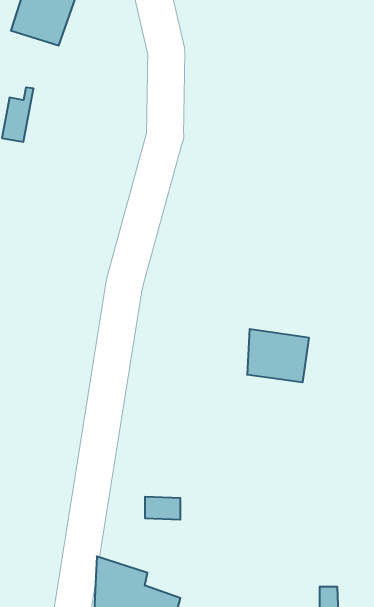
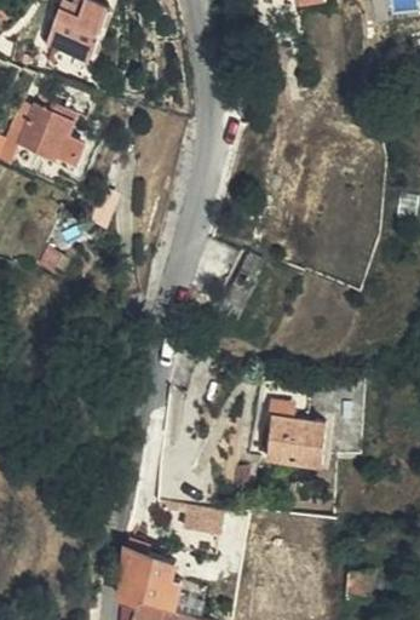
building: [247,329,309,382] -> [252,419,311,470]

